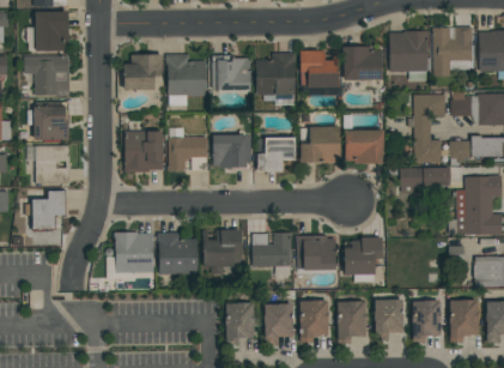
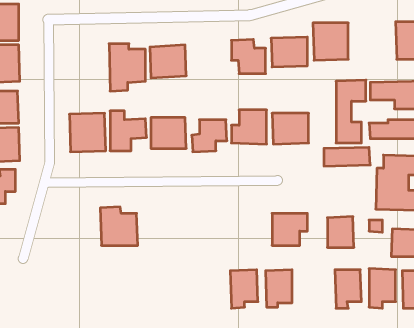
building: [433,28,473,77] -> none
building: [256,53,296,95] -> none
building: [125,55,164,90] -> none
building: [204,230,242,267] -> none
building: [115,233,154,273] -> none
building: [253,233,292,267] -> none
building: [297,236,335,271] -> none
building: [375,300,403,333] -> [327,217,354,247]
building: [225,303,255,339] -> none
building: [265,304,293,345] -> none

